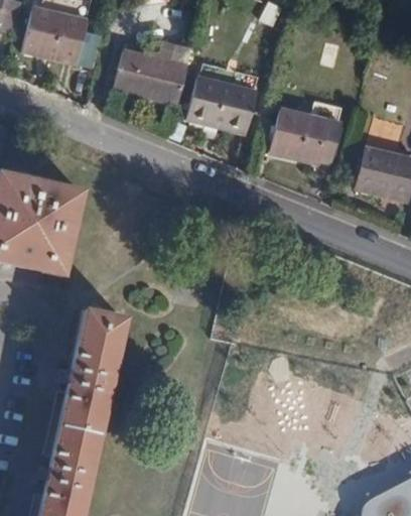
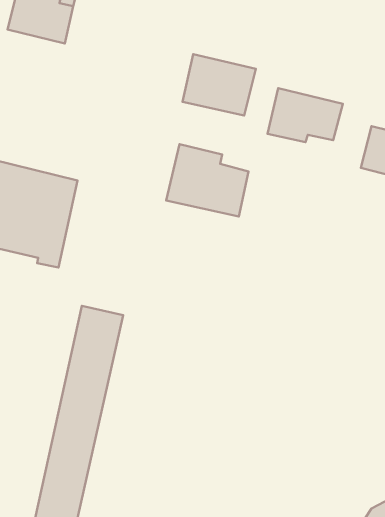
building: [113,39,188,103] -> none
building: none -> [166,144,248,217]

